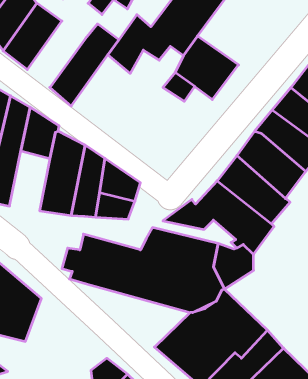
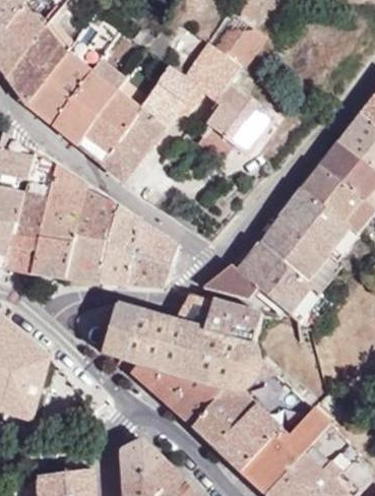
building: none -> [51,58,114,142]
building: none -> [99,107,163,181]
building: none -> [32,211,75,276]
building: none -> [114,356,228,425]

